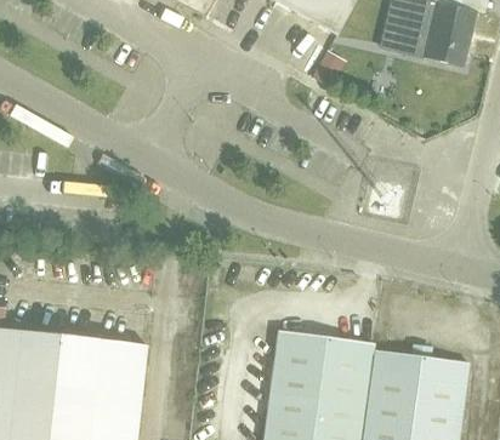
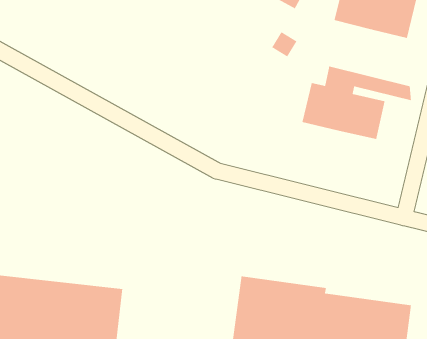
building: none -> [302,65,412,140]

